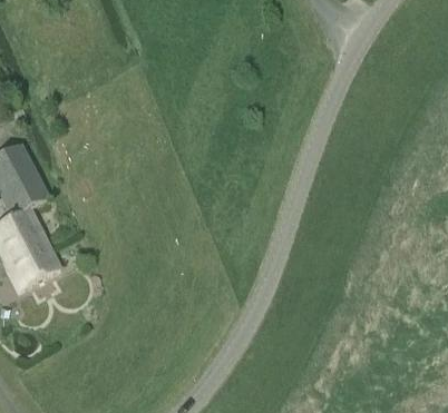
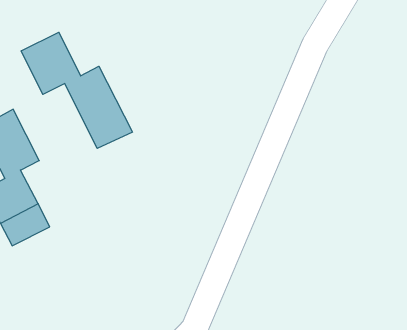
building: none -> [21,32,132,148]

